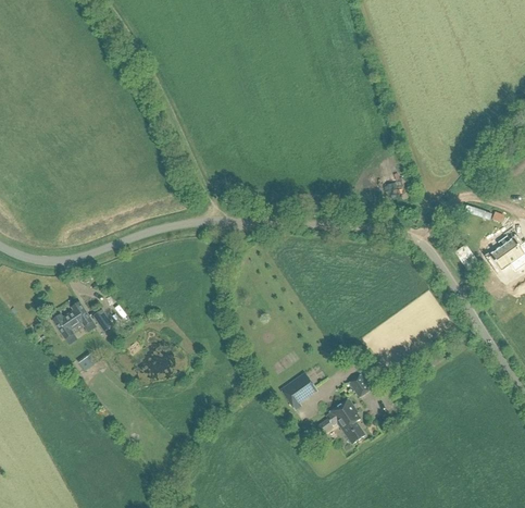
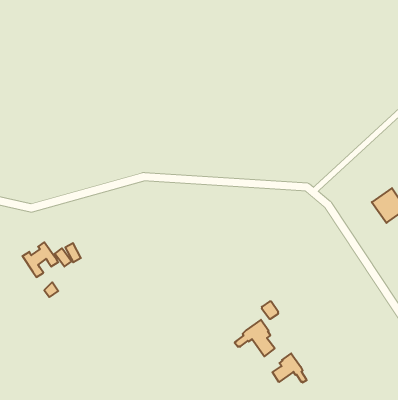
building: [280,373,314,410] -> none
building: none -> [272,353,307,383]

